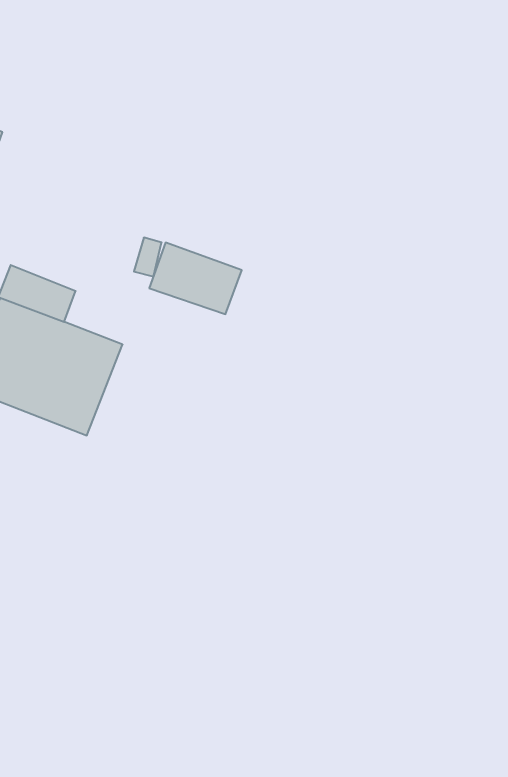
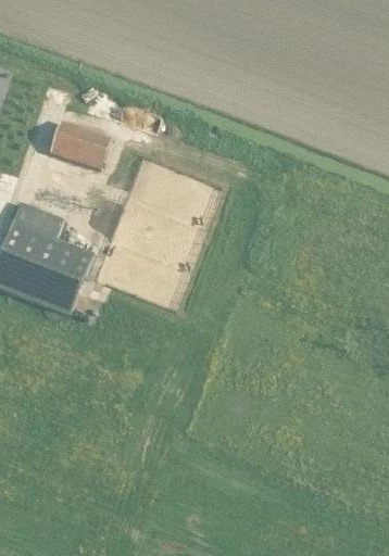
building: [149,243,242,314] -> [48,118,110,166]

